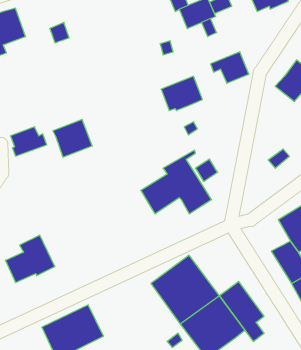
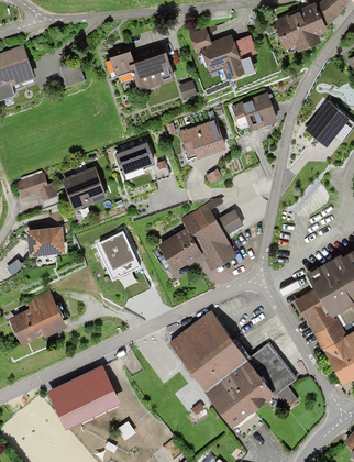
building: none -> [112,48,174,95]
building: none -> [115,142,155,175]
building: none -> [29,227,65,254]
building: none -> [96,233,142,284]

